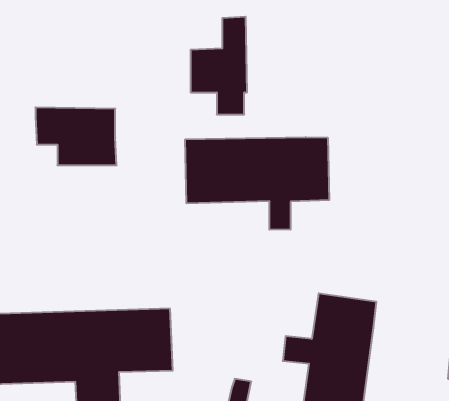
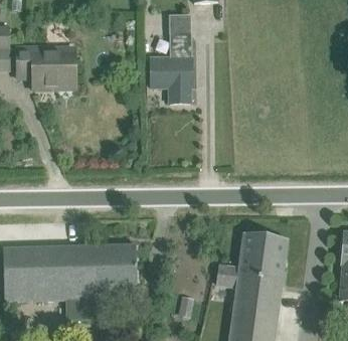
building: [35,107,117,165] -> [17,46,76,89]
building: [185,137,329,230] -> none

